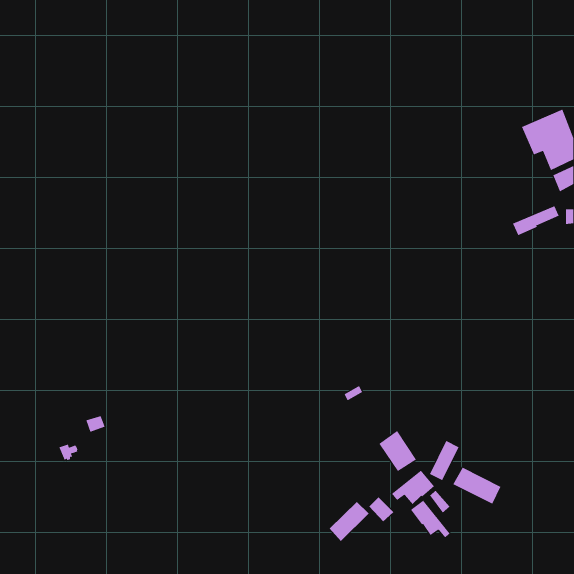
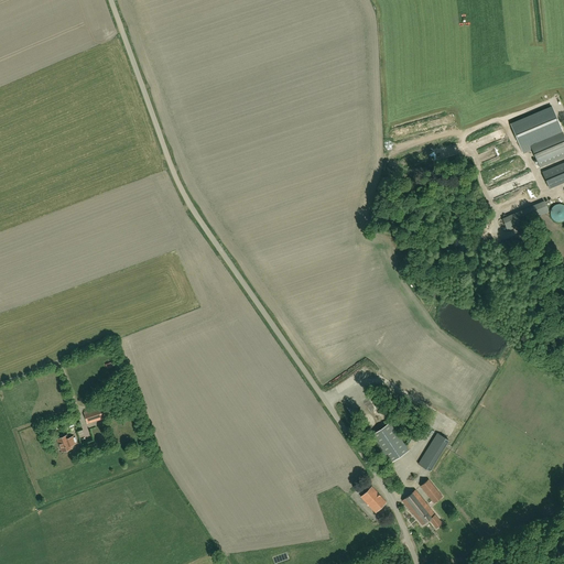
building: [453,467,501,504] -> none
building: [391,470,435,505] -> none
building: [329,501,369,542] -> none

